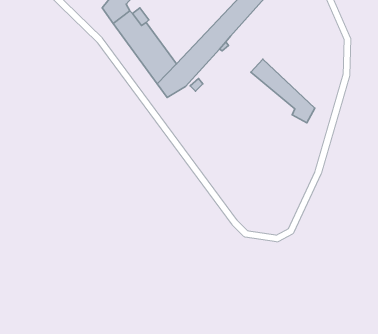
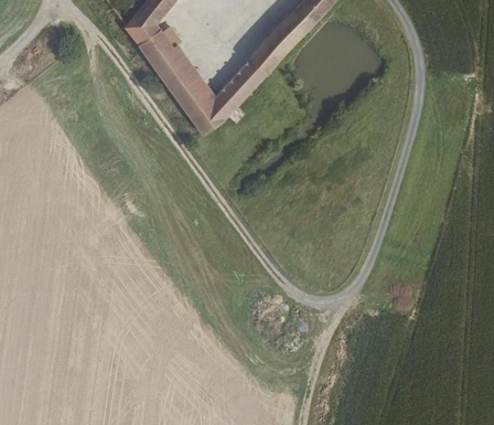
building: [251,59,315,123] -> none

